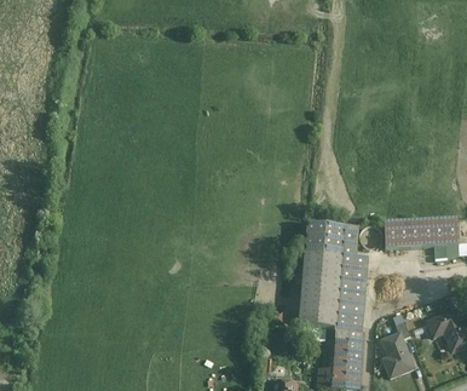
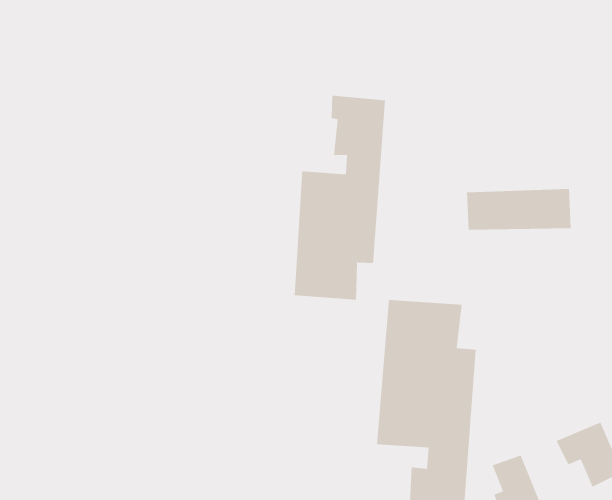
building: none -> [294,95,385,301]
building: [384,218,457,247] -> [466,189,572,230]

